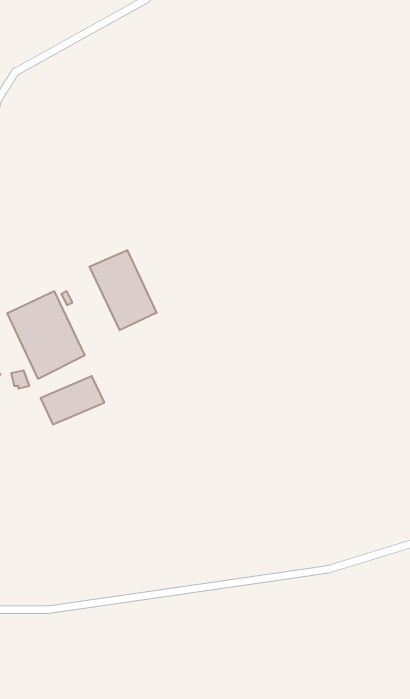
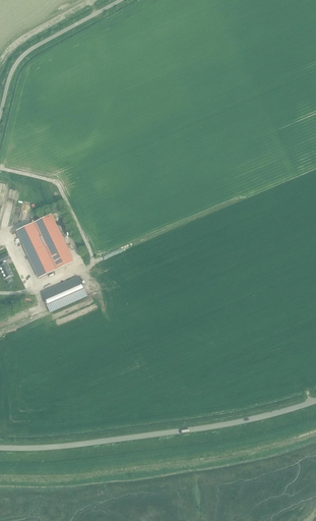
building: [90,250,157,330] -> none

